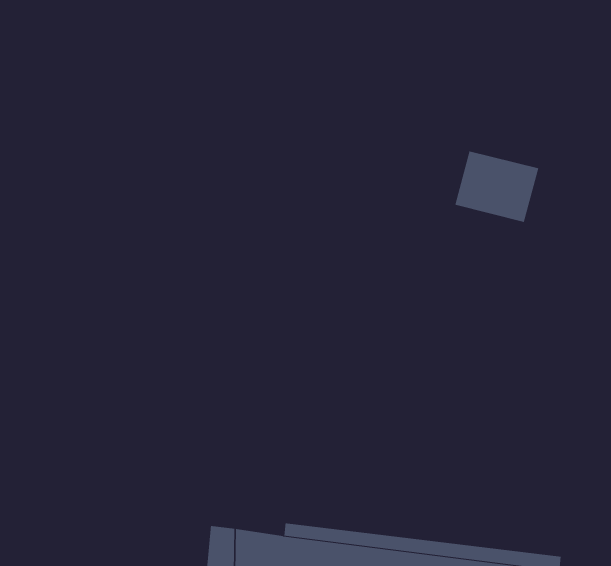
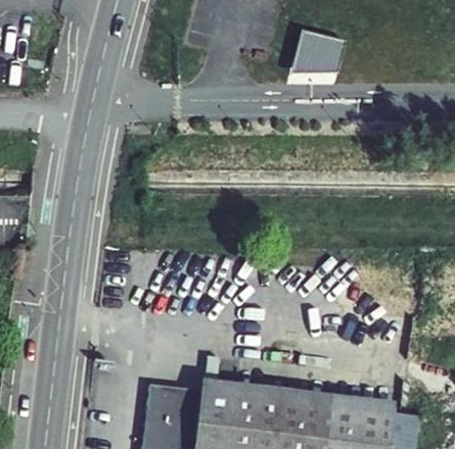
building: [454,151,539,223] -> [293,24,353,74]

